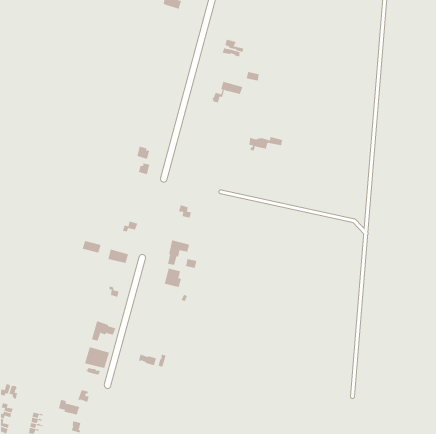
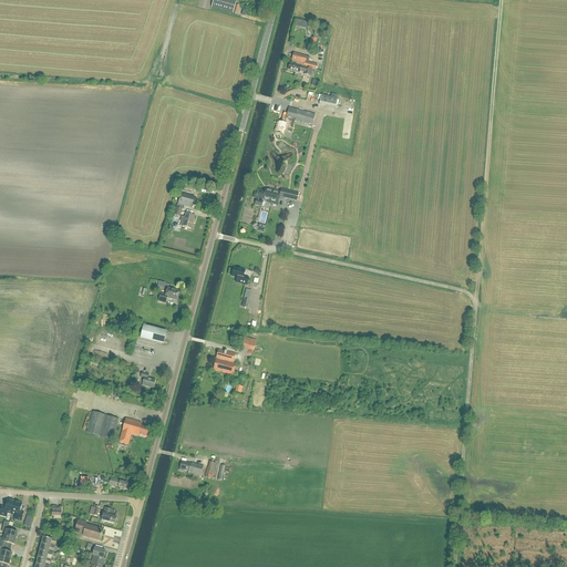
building: [249,136,283,151] -> [254,186,298,205]
building: [167,239,190,265] -> none
building: [84,346,110,369] -> [86,410,120,439]

